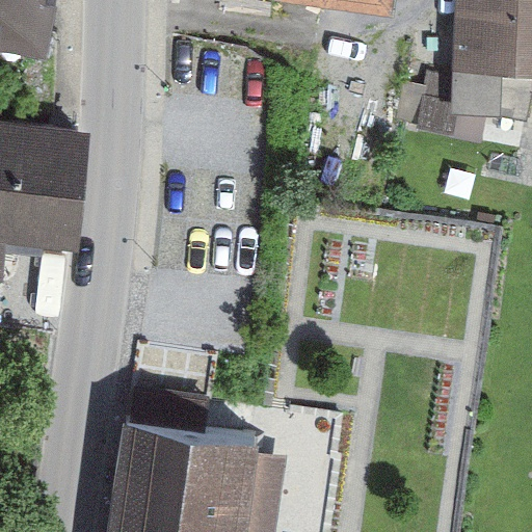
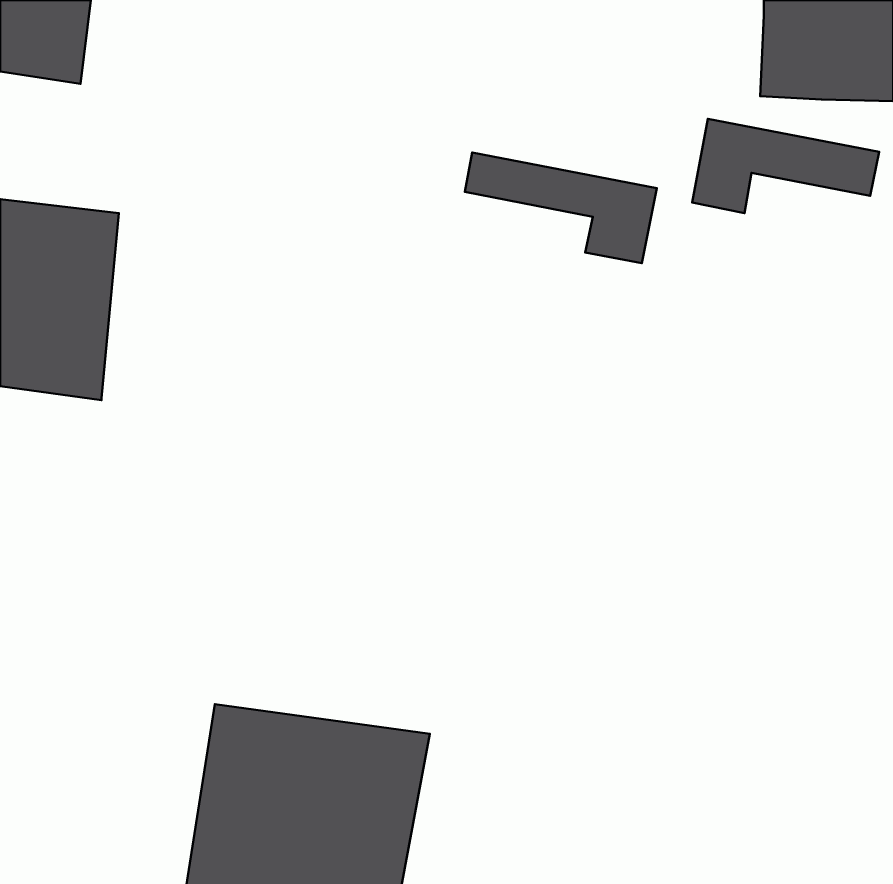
building: none -> [465,152,657,263]

